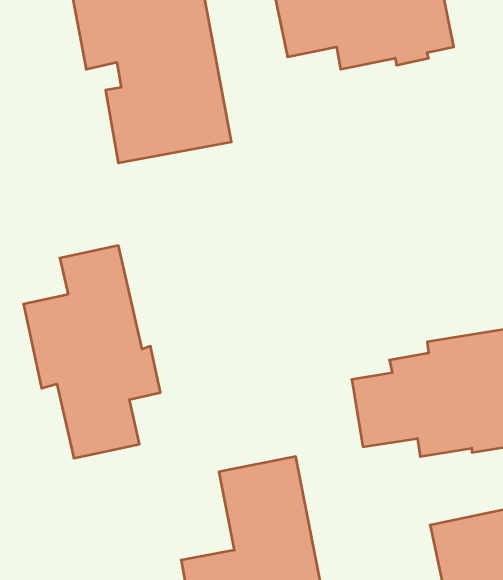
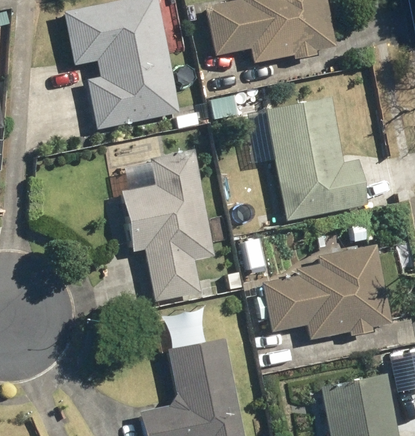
building: none -> [258,94,368,219]
building: [23,246,160,458] -> [120,148,218,300]

